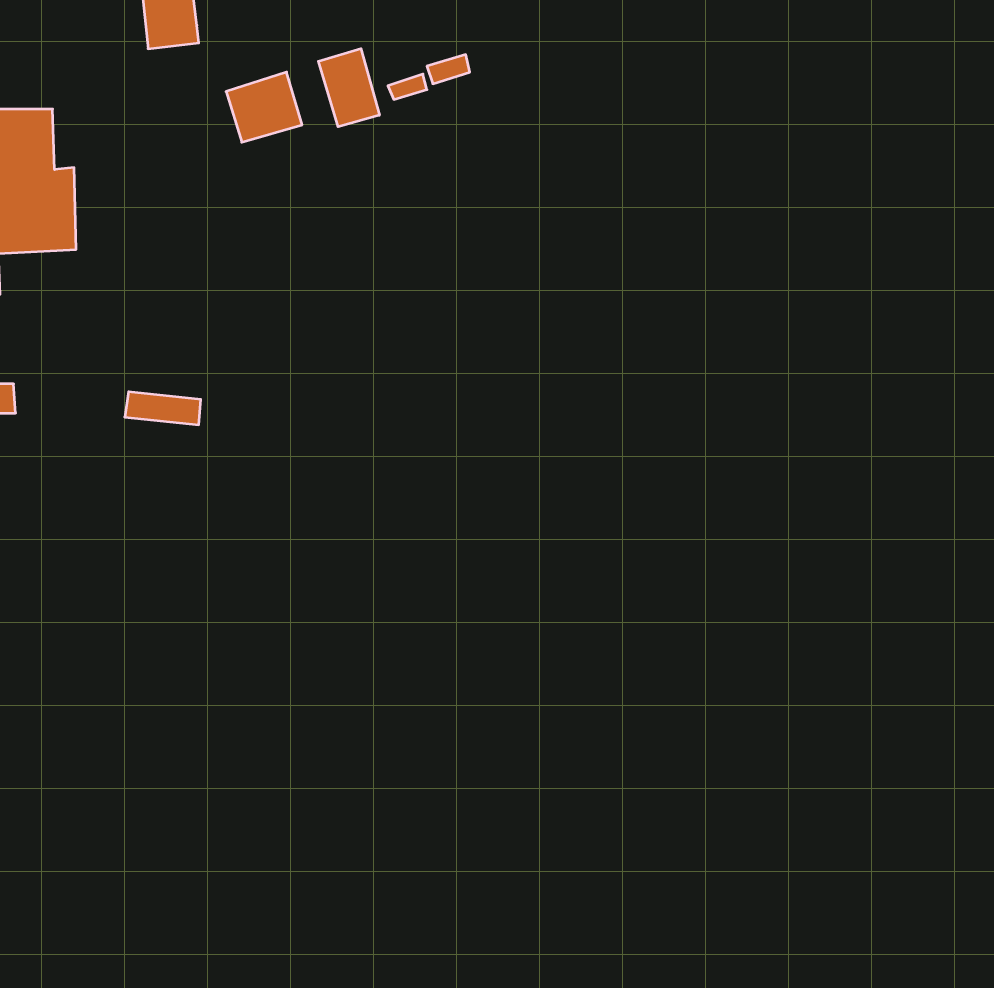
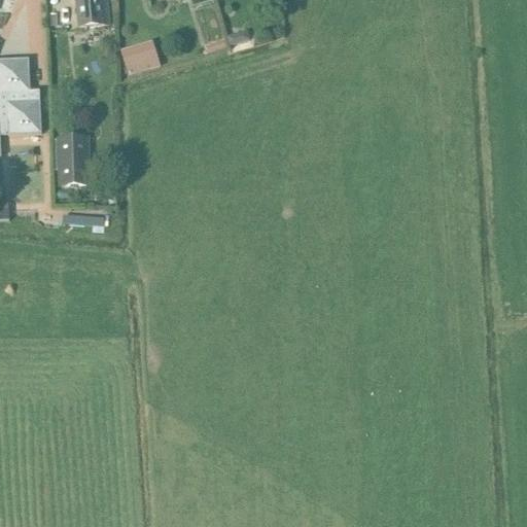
building: [318,49,379,127] -> none
building: none -> [55,135,90,186]

